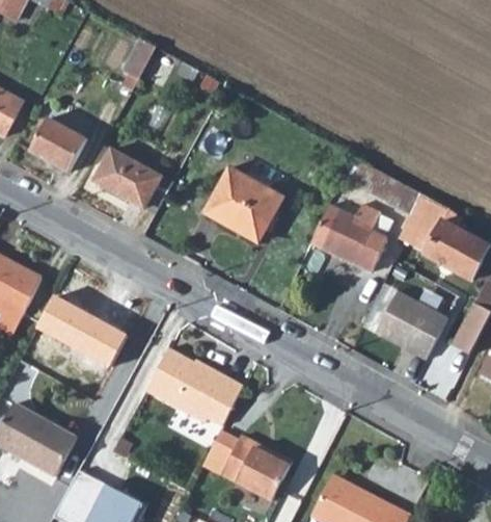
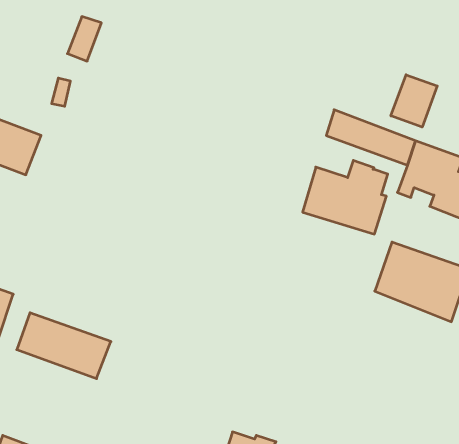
building: none -> [391,75,437,127]
building: [93,149,162,208] -> none
building: [206,167,282,238] -> none
building: [145,347,242,426] -> none

